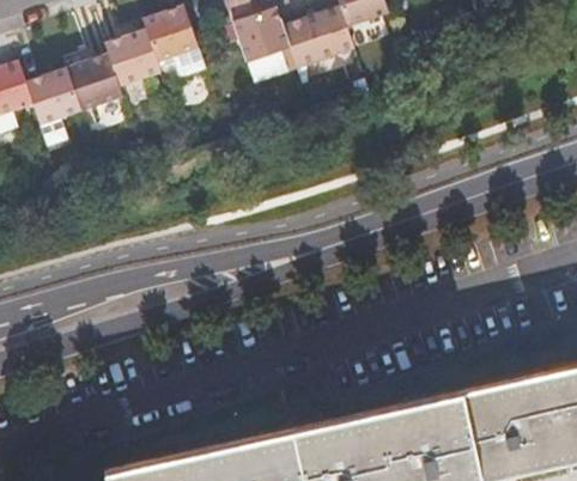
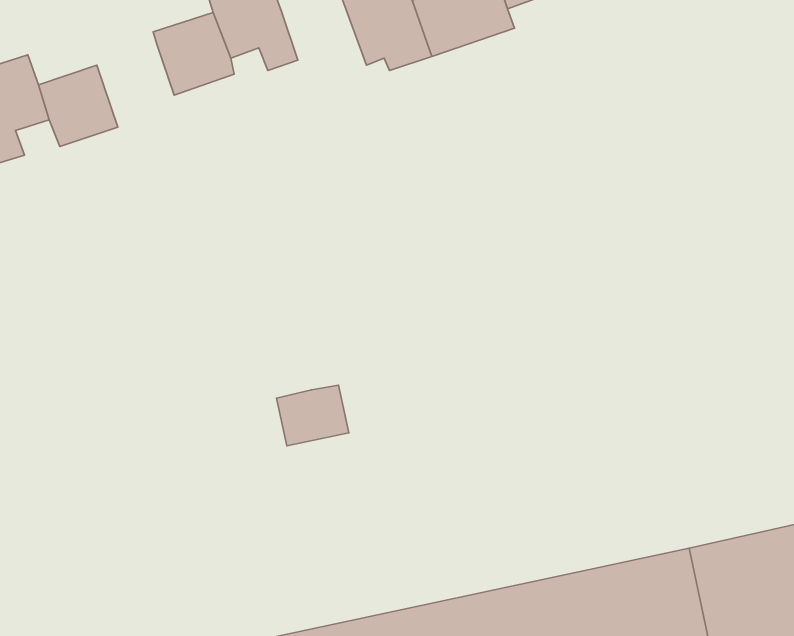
building: [68,51,124,108] -> none
building: none -> [277,385,349,446]

